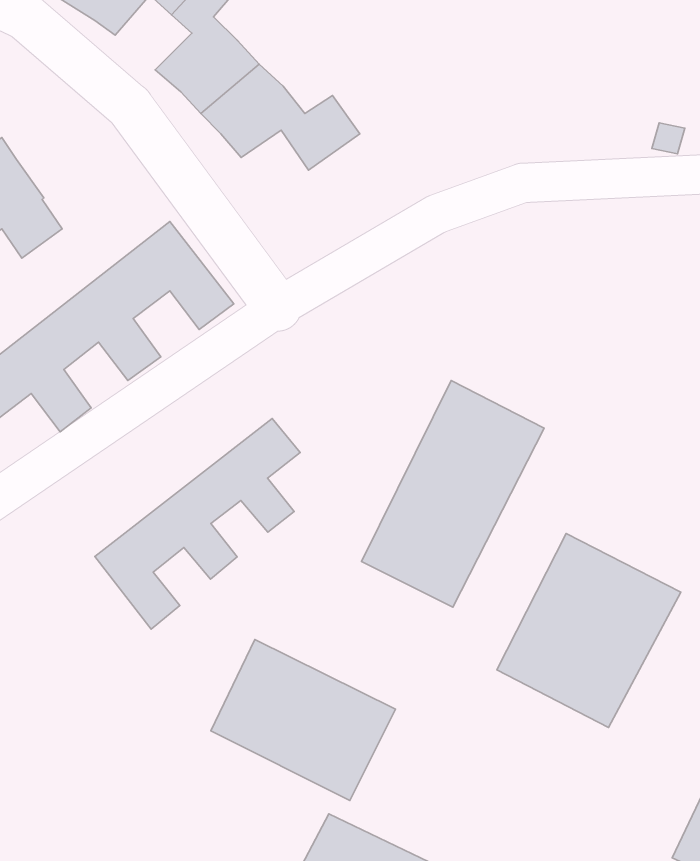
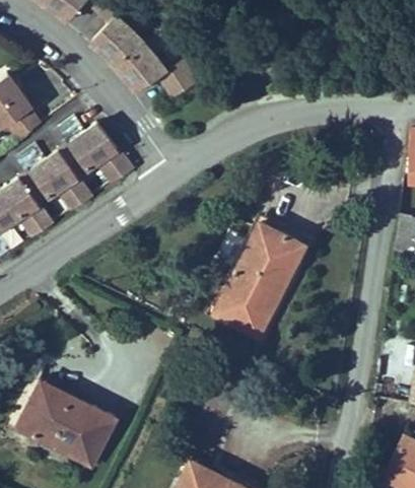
building: [95,419,300,629] -> none
building: [497,534,681,728] -> none
building: [211,640,395,800] -> [20,381,123,471]

